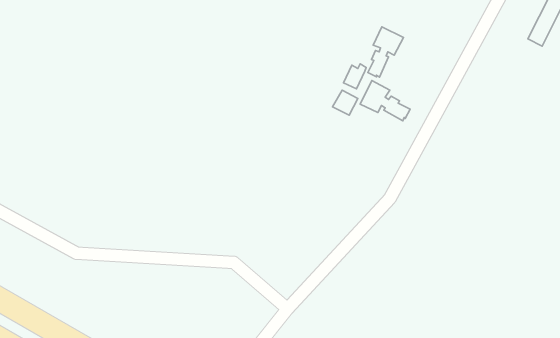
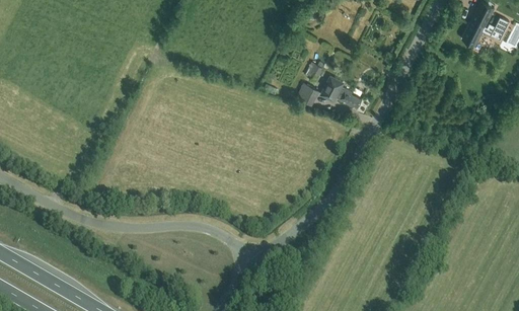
building: [368,27,404,77] -> none

